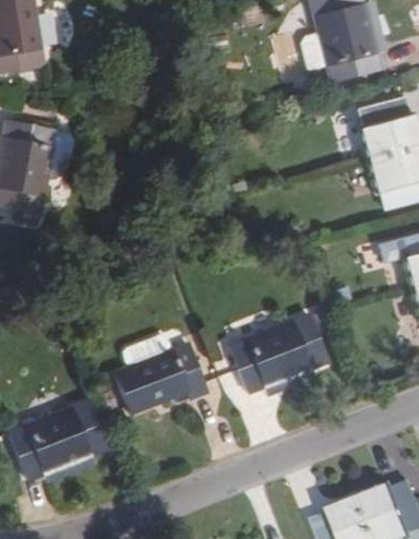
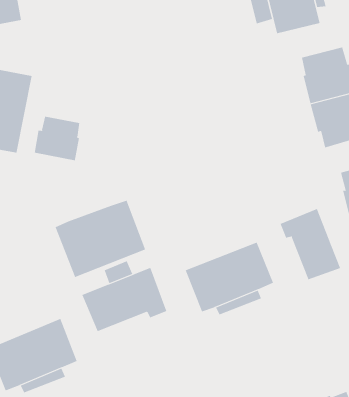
building: none -> [34,116,80,161]
building: none -> [55,200,146,278]
building: none -> [280,208,341,280]

